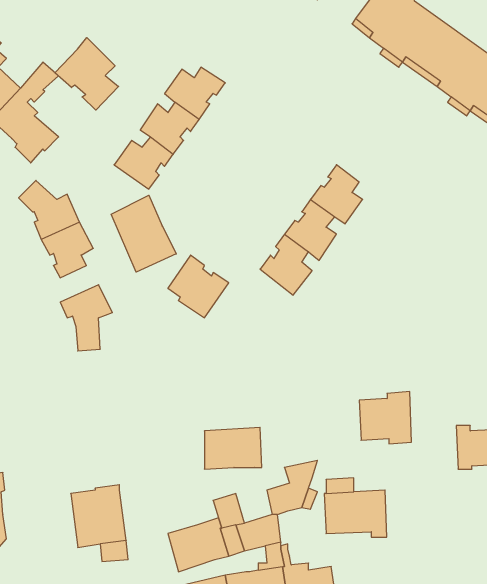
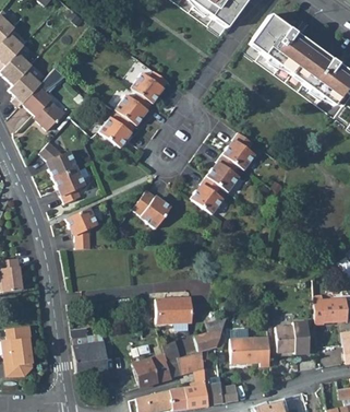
building: [55,38,119,110] -> none
building: [111,195,176,272] -> none
building: [359,392,411,444] -> [276,321,309,354]

